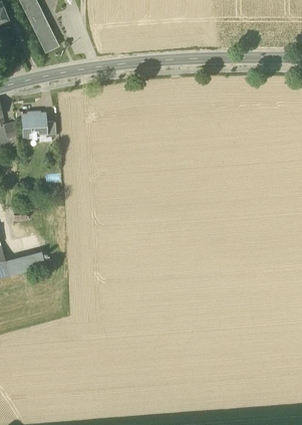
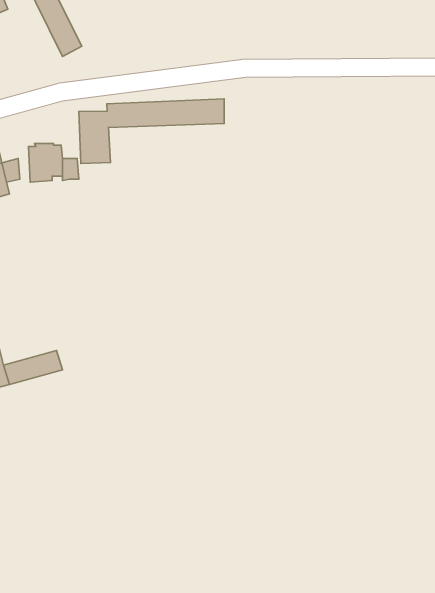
building: none -> [79,99,224,164]

